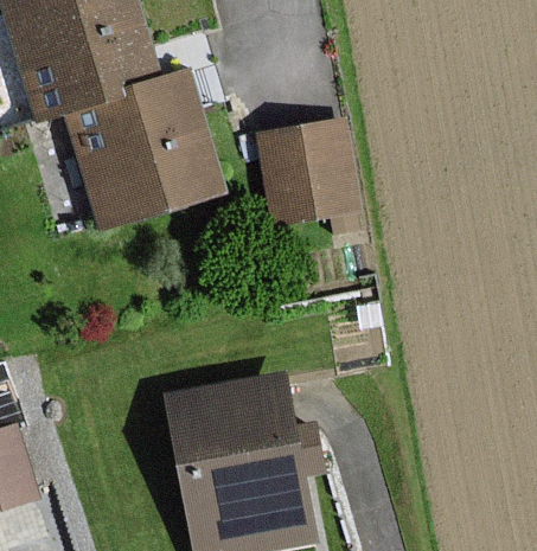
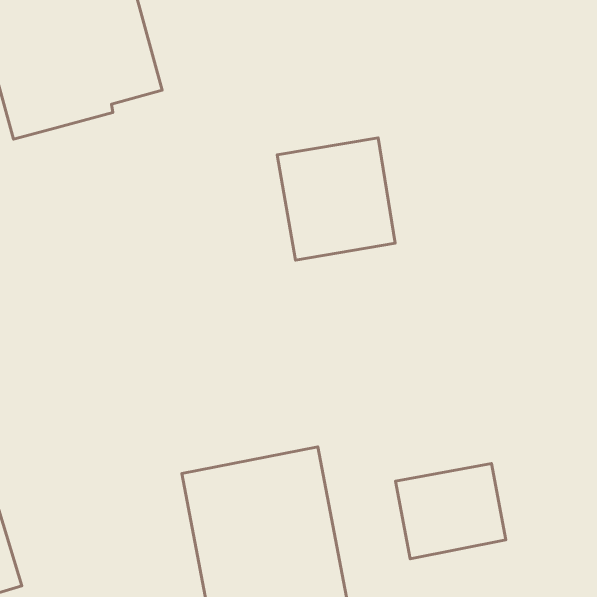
building: [63,70,223,228] -> none
building: none -> [395,464,506,559]

